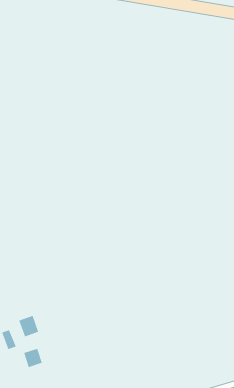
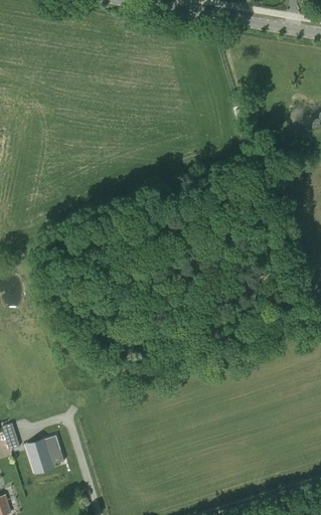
building: [18,315,39,338] -> none

